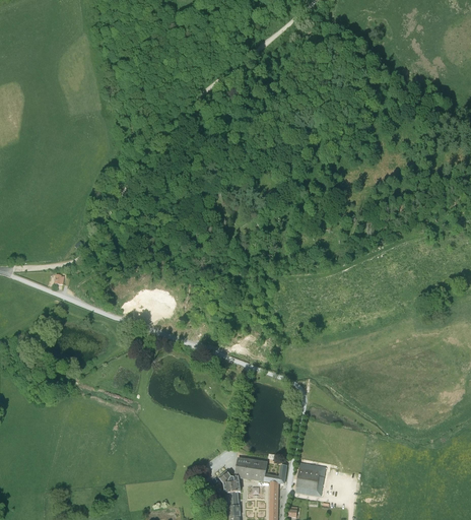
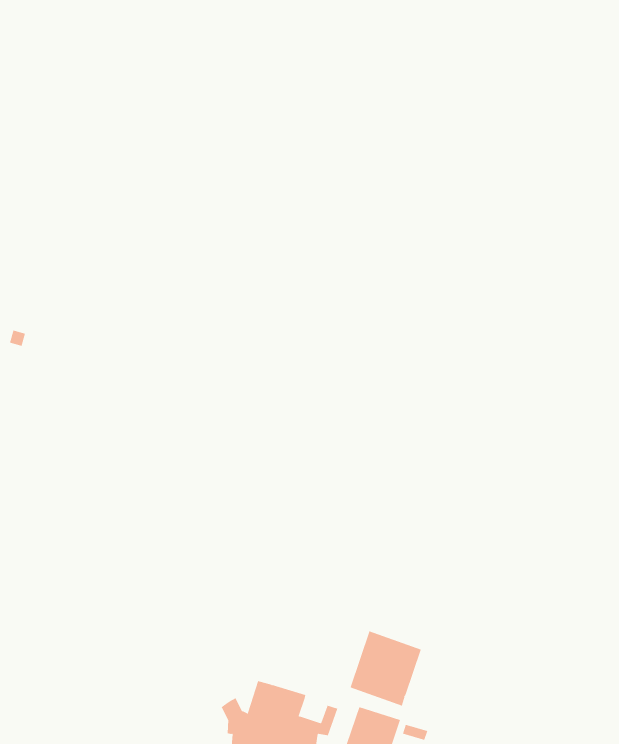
building: none -> [350,631,421,706]

